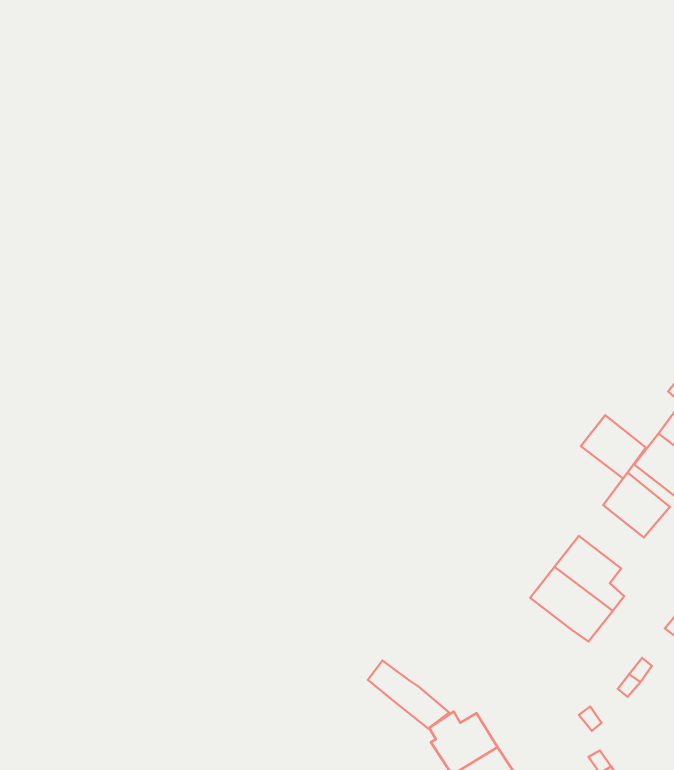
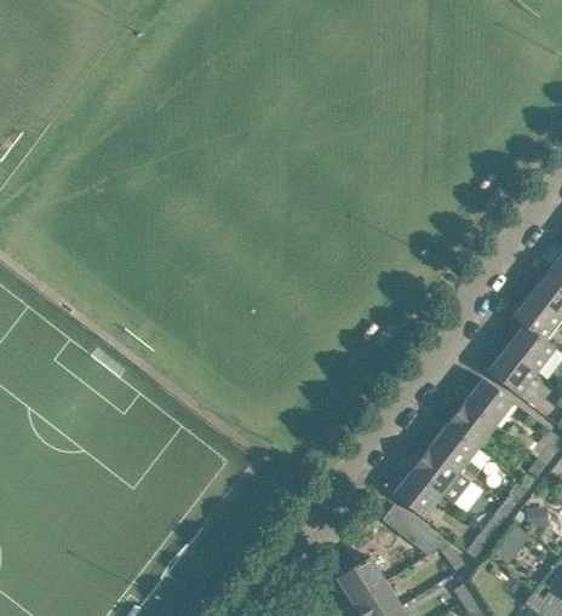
building: [581,415,646,478] -> [446,402,494,449]
building: none -> [391,471,441,518]
building: [368,660,449,729] -> [382,505,442,555]

